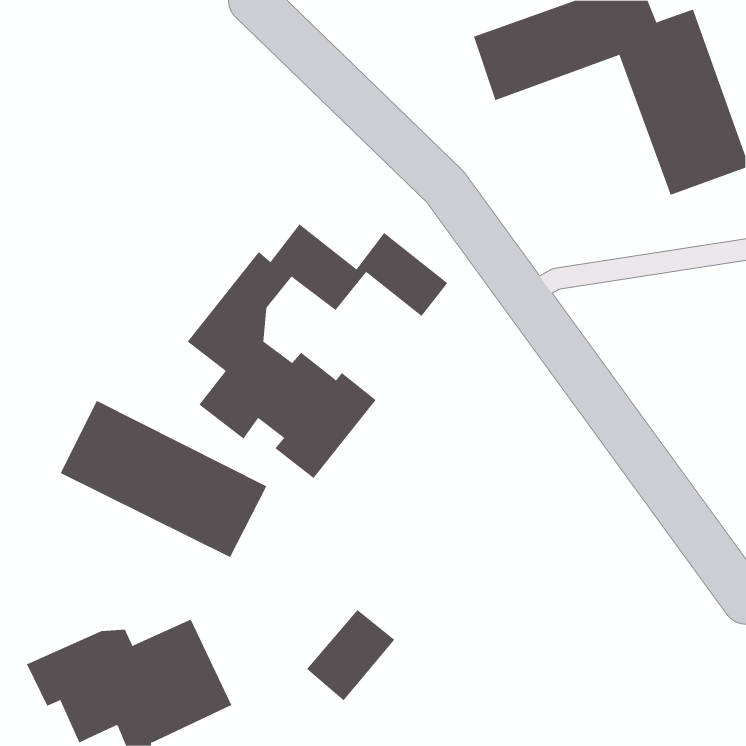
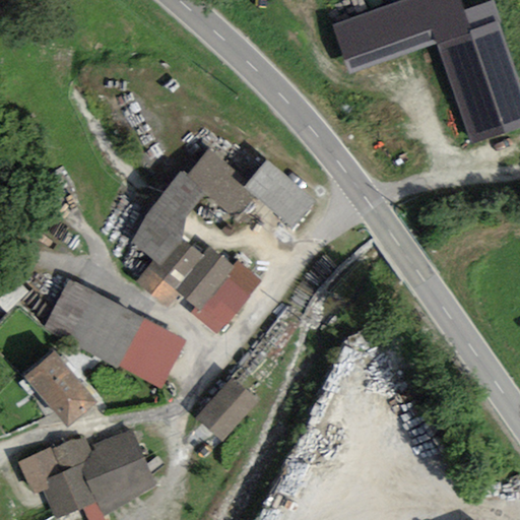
building: none -> [24,350,95,425]
building: [306,609,395,701] -> [197,378,259,442]

